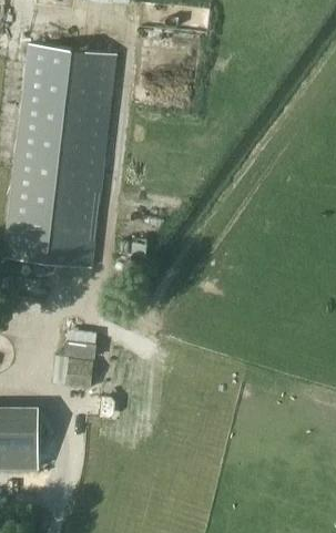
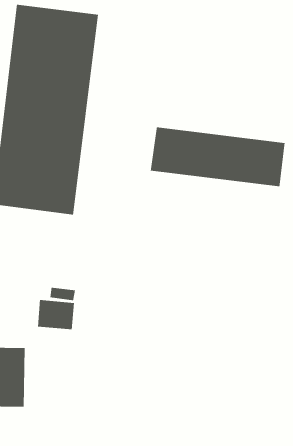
building: none -> [150,126,285,187]

